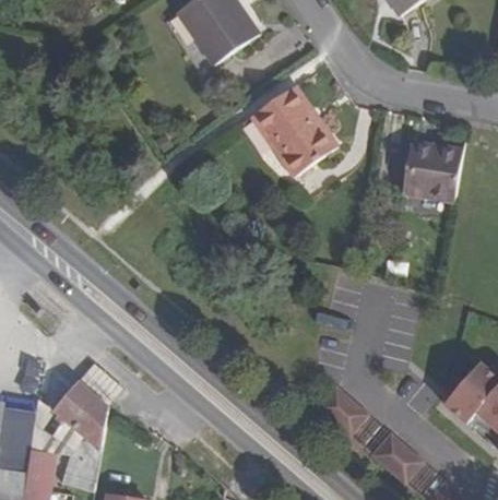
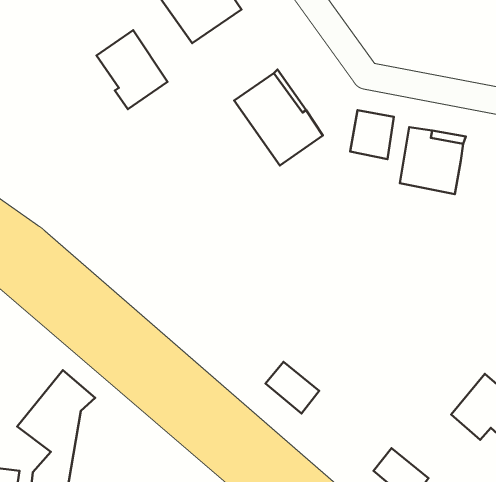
building: none -> [96,30,167,109]
building: none -> [350,110,394,159]
building: [321,388,370,434] -> [265,362,319,413]

